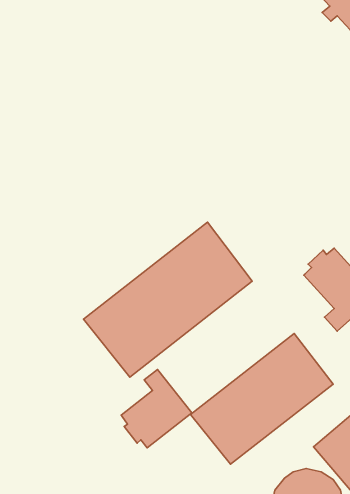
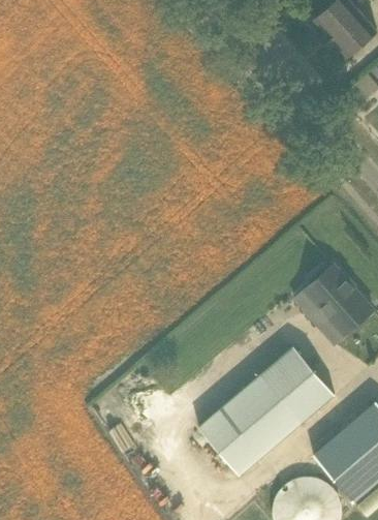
building: [84,222,252,377] -> none
building: [121,370,192,448] -> none

